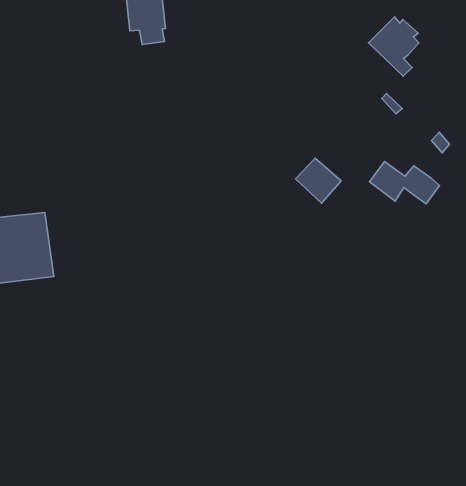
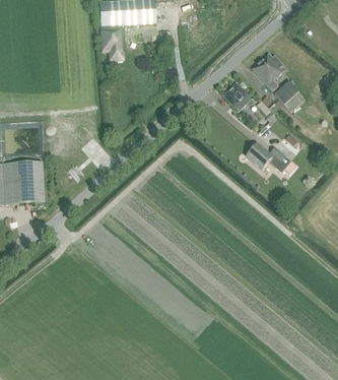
building: none -> [274,80,305,111]
building: [296,158,341,203] -> [223,82,252,111]

